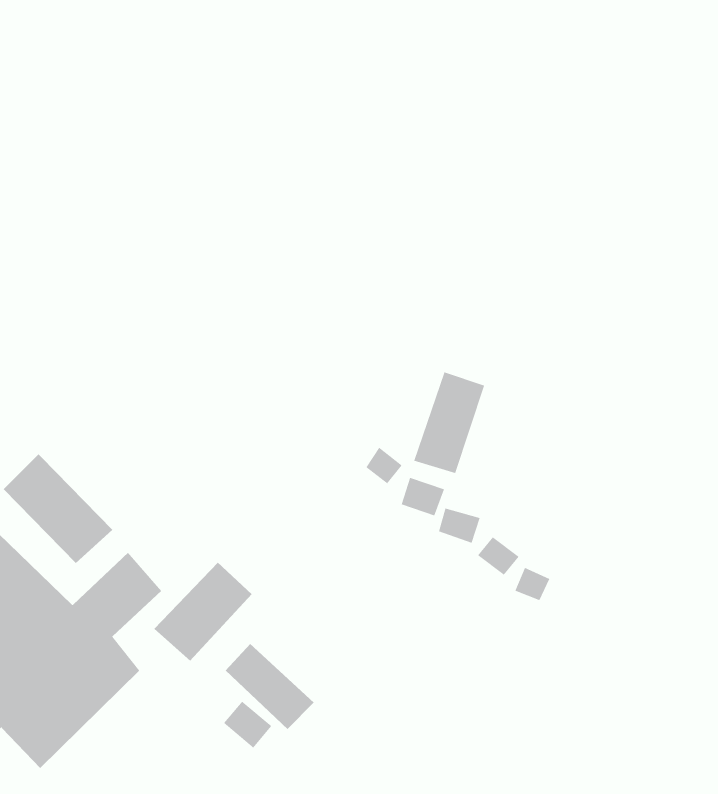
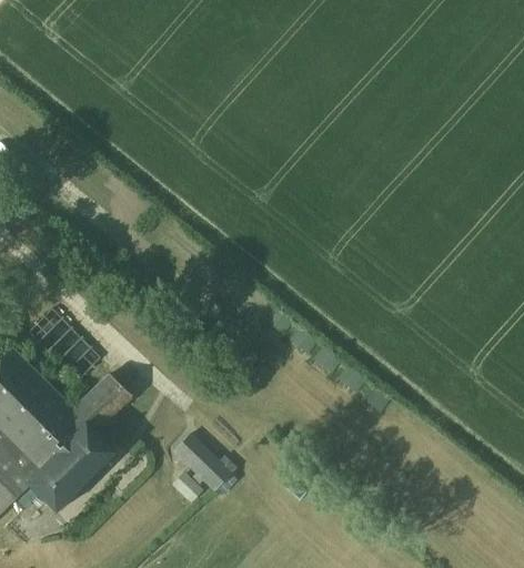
building: [413,372,485,474] -> none
building: [154,562,252,661] -> none

